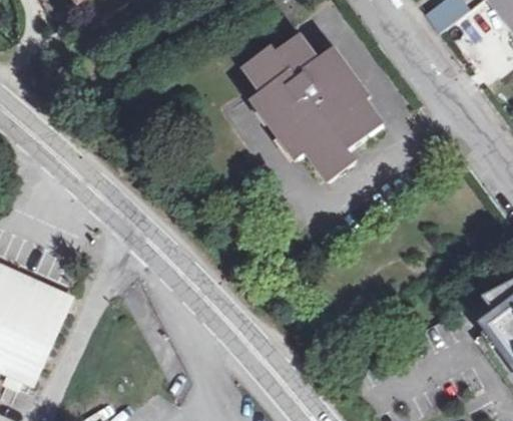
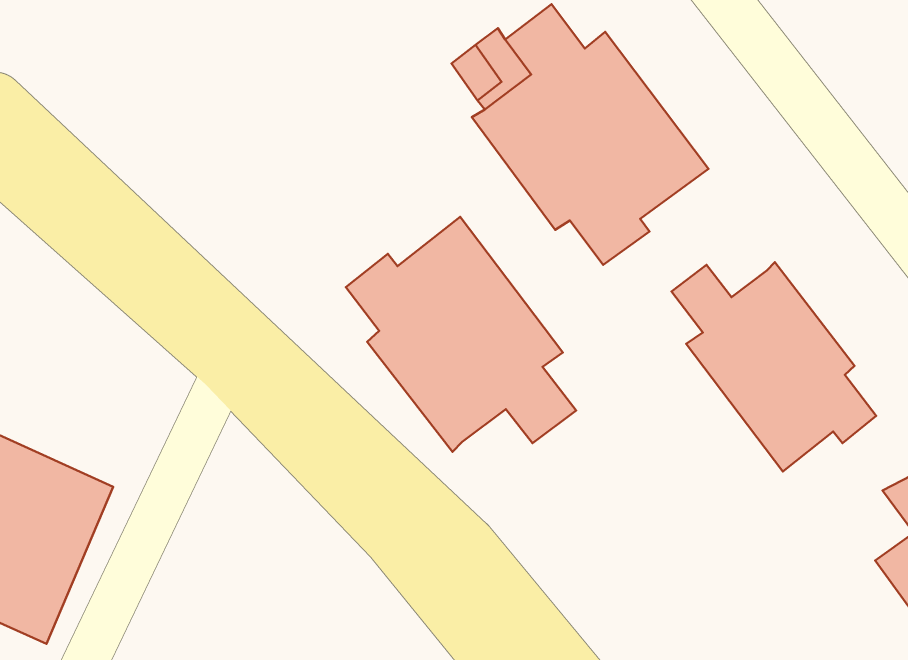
building: none -> [346,217,576,452]
building: none -> [671,262,876,471]

